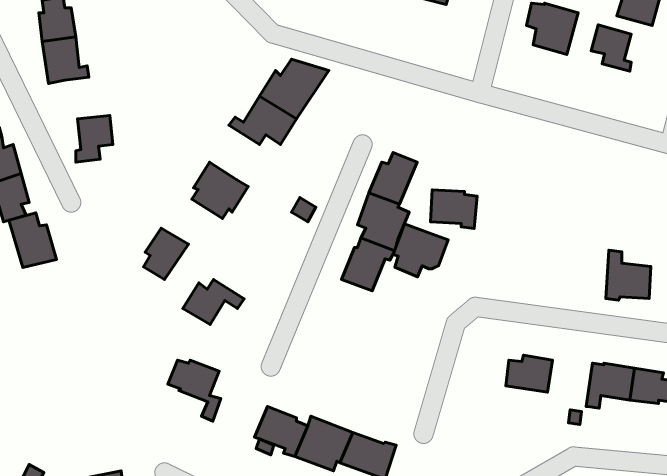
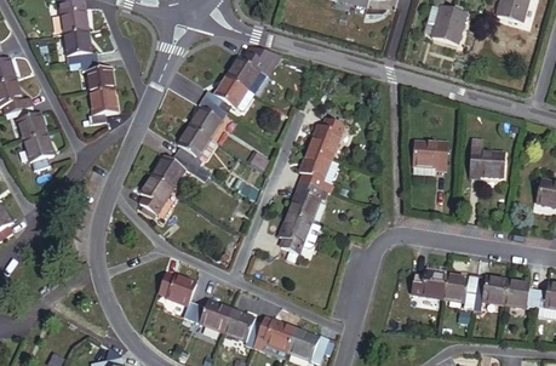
building: [591,25,631,71] -> none
building: none -> [80,61,114,92]
building: none -> [189,97,227,138]
building: [431,190,477,228] -> [413,142,448,171]
building: [9,213,57,268] -> none
building: [393,224,448,277] -> [280,213,321,253]
building: [606,250,651,300] -> [470,141,504,178]
building: [183,279,244,325] -> [153,153,199,187]
building: none -> [443,274,477,309]
building: none -> [191,299,233,332]

